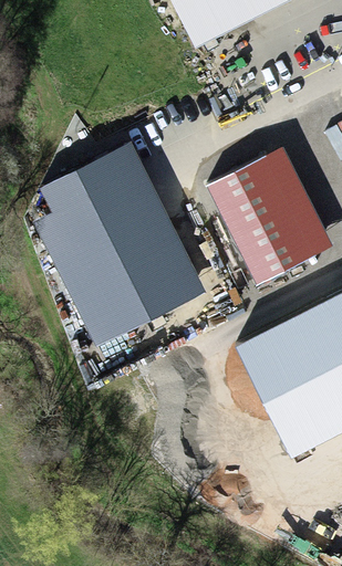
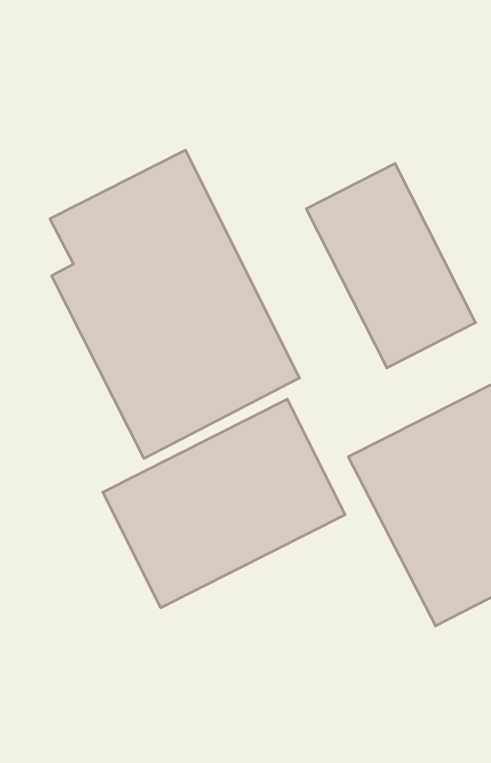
building: none -> [103,399,345,608]

